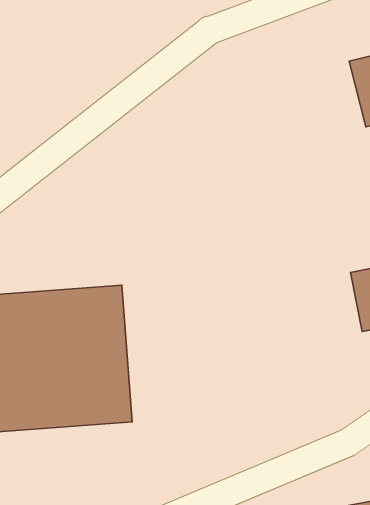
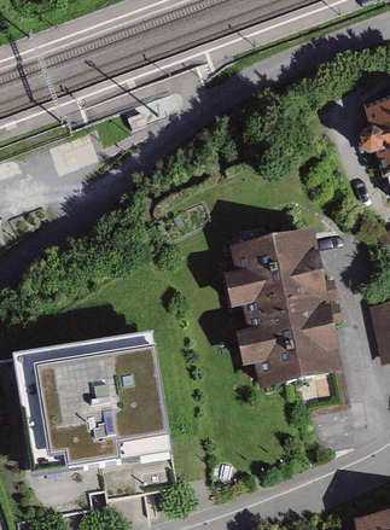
building: none -> [231,226,339,375]

